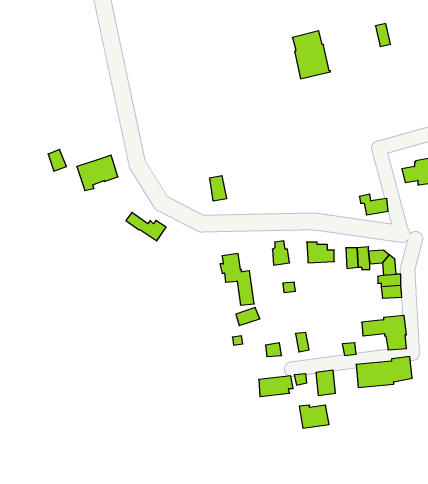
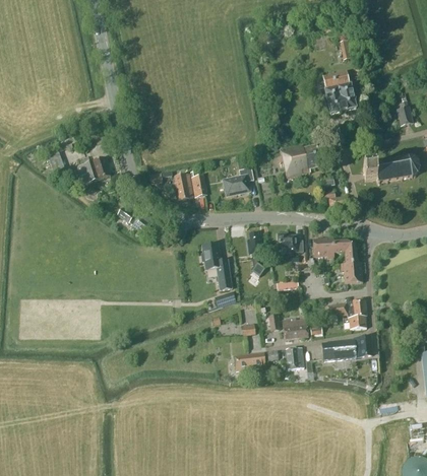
building: [292,31,330,79] -> [322,71,356,114]
building: none -> [280,143,320,177]
building: none -> [223,167,253,196]
building: none -> [174,173,193,200]
building: [299,405,329,428] -> [282,319,308,339]

